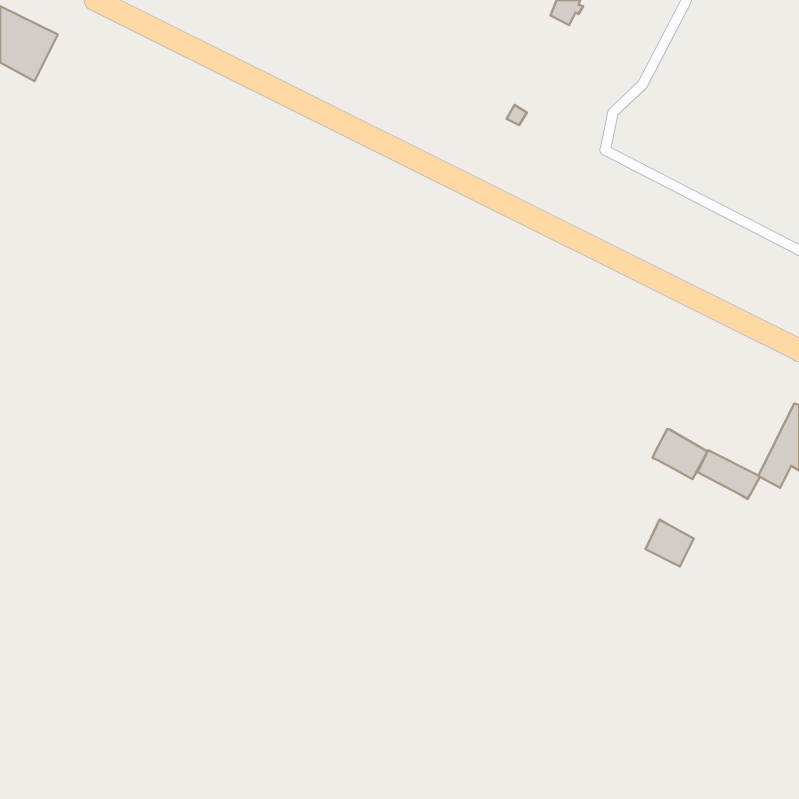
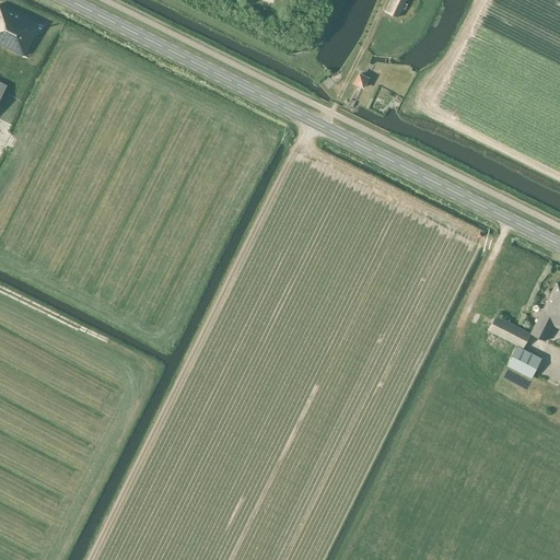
building: [653,429,708,479] -> none
building: [645,520,694,566] -> [508,346,541,378]

